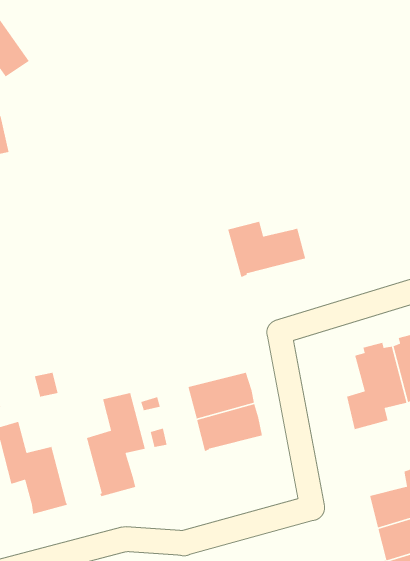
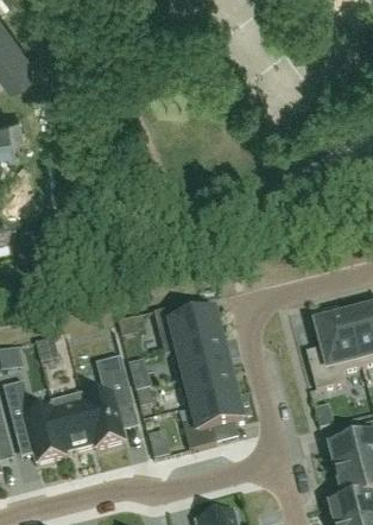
building: [227,221,306,278] -> [153,304,222,354]
building: none -> [51,391,95,451]
building: none -> [183,393,244,449]

